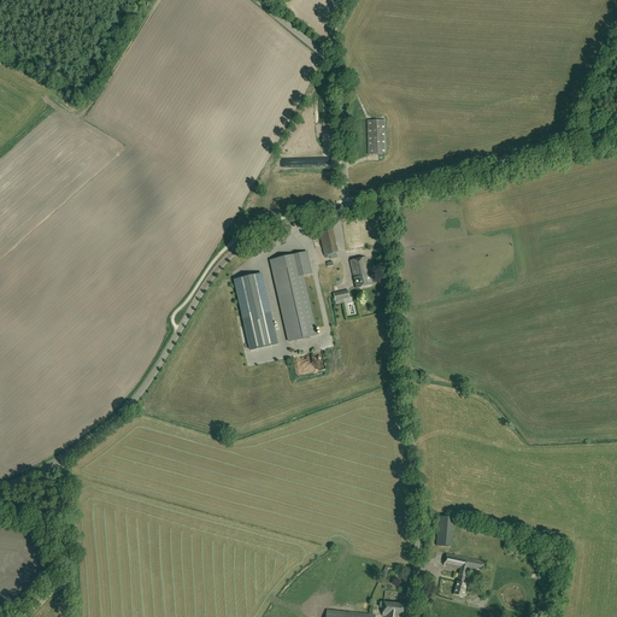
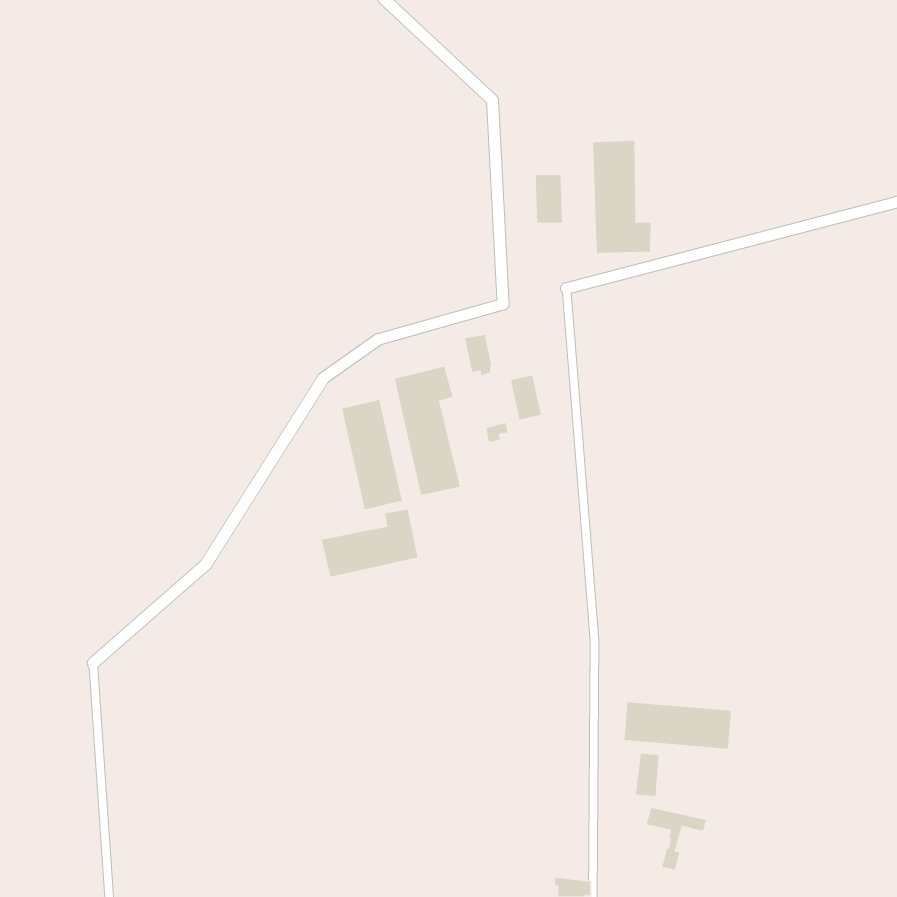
building: none -> [592,140,651,253]
building: none -> [321,509,418,578]
building: none -> [624,701,732,749]

